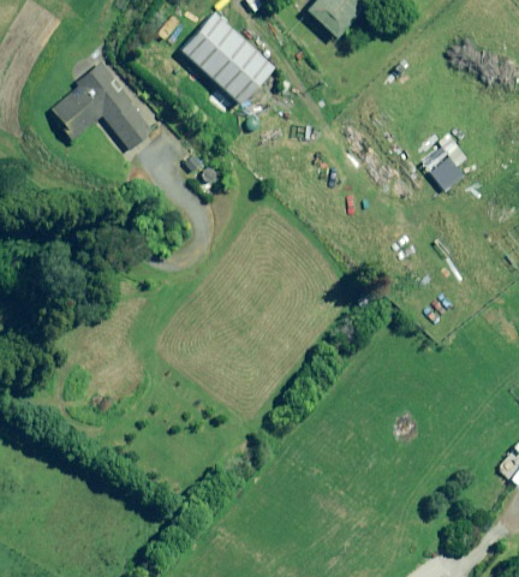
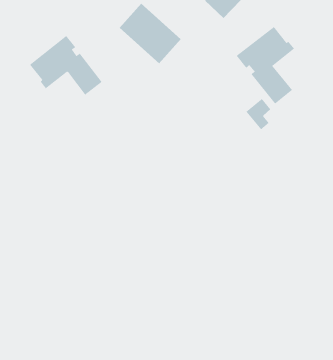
building: none -> [236,26,295,104]
building: [429,137,467,185] -> [245,98,271,130]

